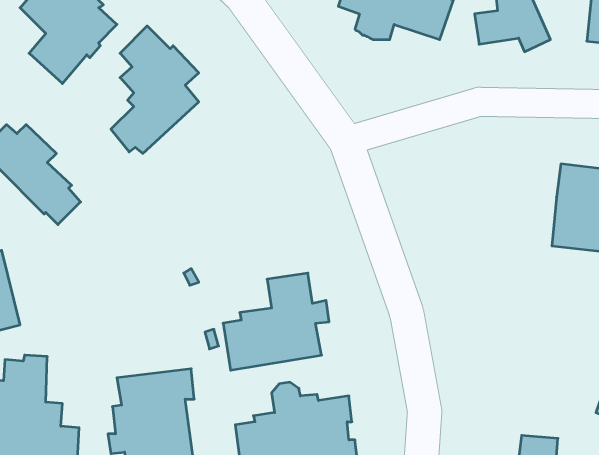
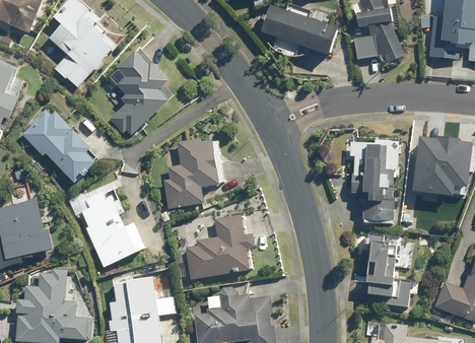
building: none -> [162,138,220,208]
building: none -> [349,138,399,221]
building: none -> [80,192,146,266]
building: none -> [366,232,411,304]

